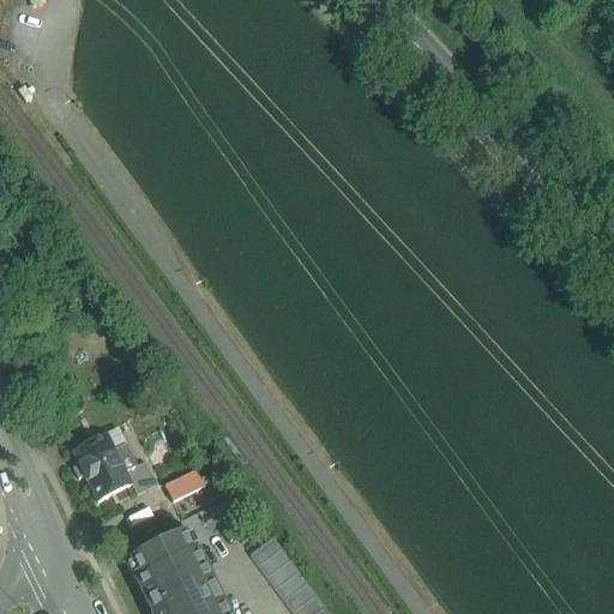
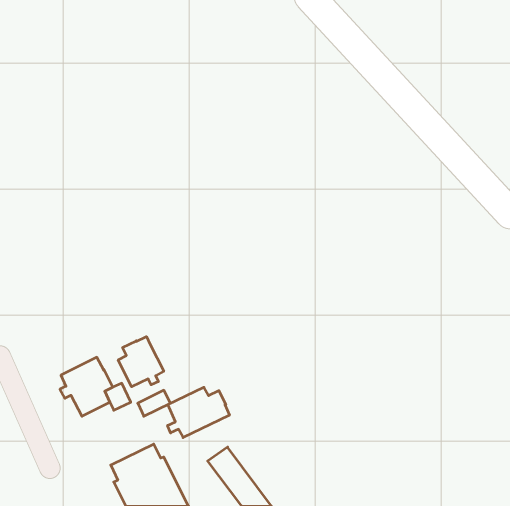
building: none -> [118,337,164,387]
building: none -> [168,387,229,438]

